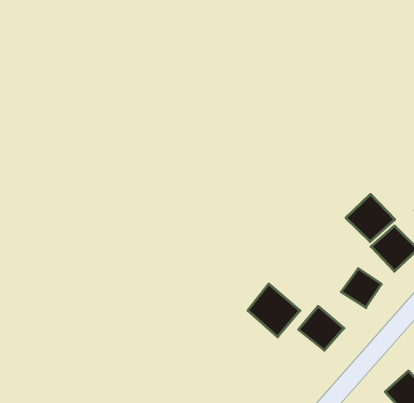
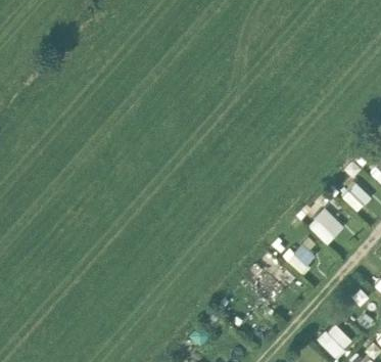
building: [346,194,395,242] -> none
building: [248,284,300,337] -> none

